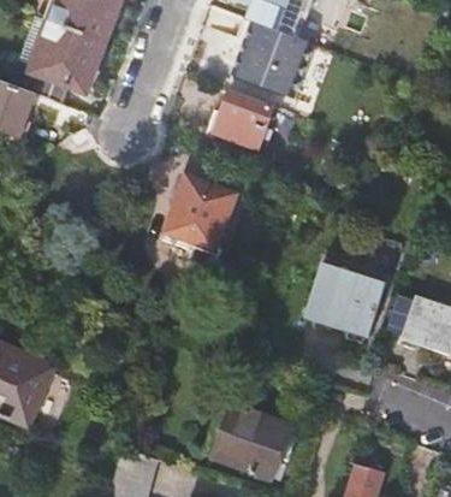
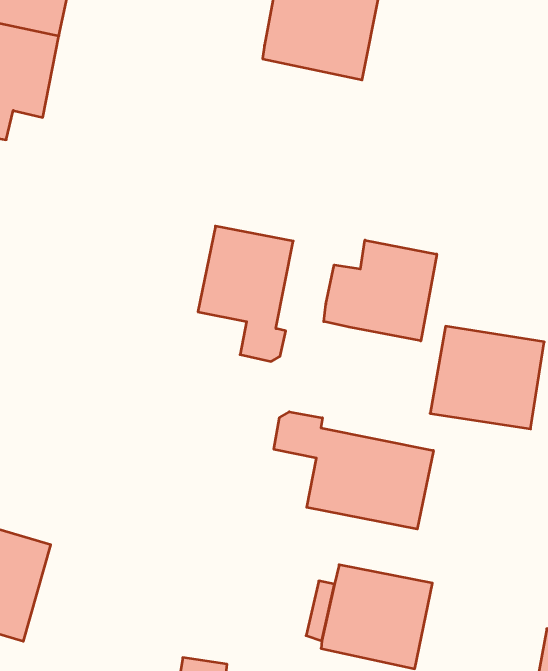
building: [214,89,272,147] -> none
building: none -> [324,240,437,341]
building: none -> [274,412,433,529]

